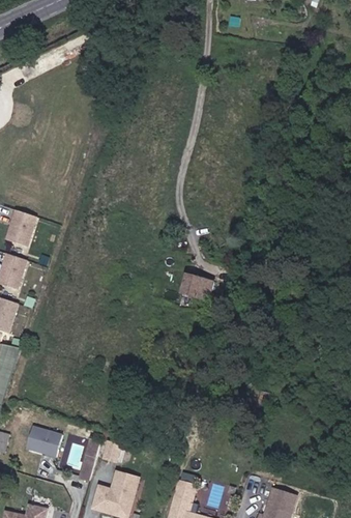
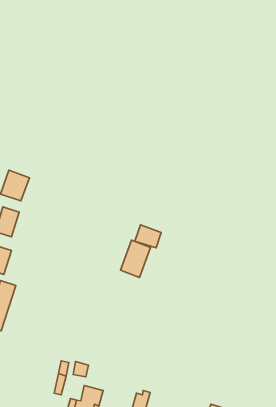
building: none -> [120,240,151,277]
building: [19,428,54,458] -> none

